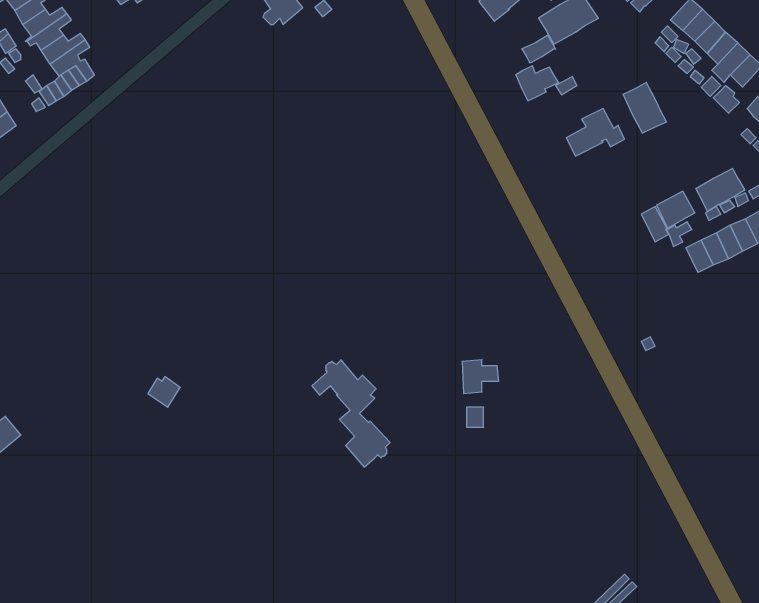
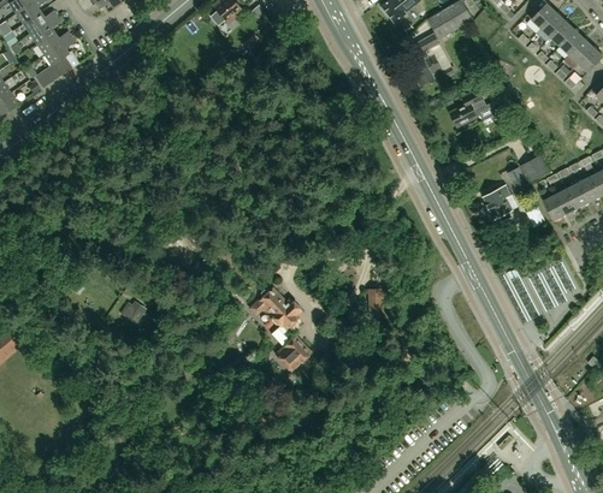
building: [623,82,667,133] -> none
building: [696,168,745,211] -> none
building: none -> [483,184,512,220]

